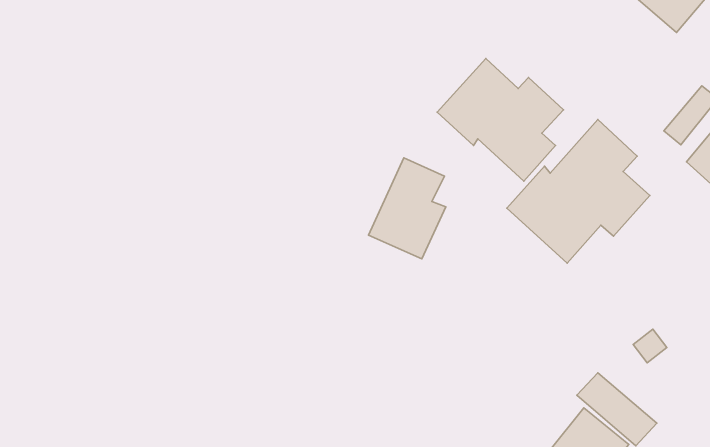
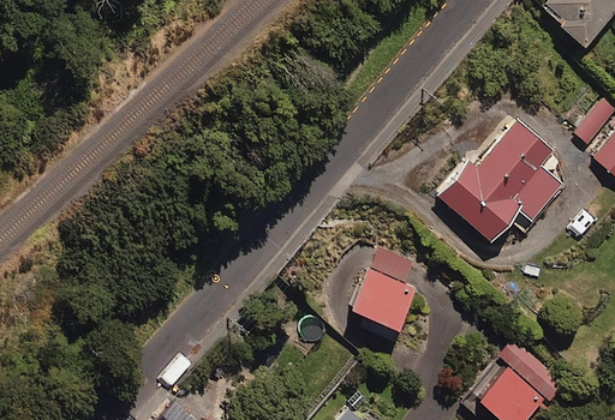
building: [437,58,563,181] -> none
building: [369,158,446,259] -> [350,246,416,332]

